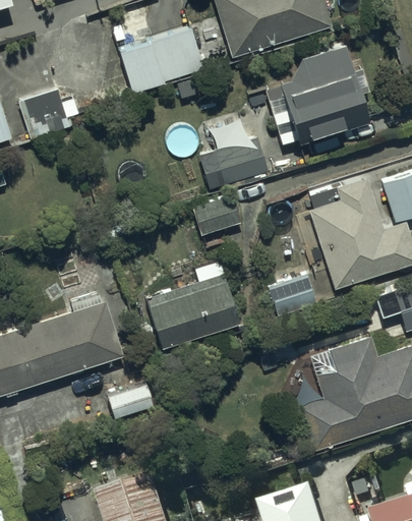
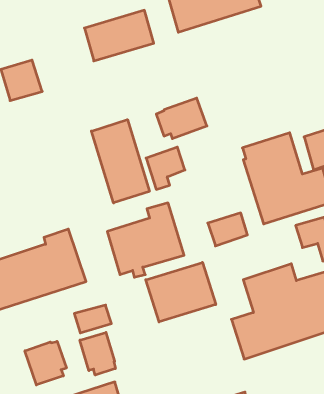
building: [274,43,371,144] -> none
building: none -> [91,120,149,203]
building: none -> [146,262,216,322]
building: none -> [80,332,115,375]
building: none -> [25,341,66,385]

